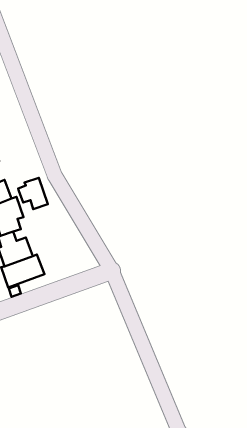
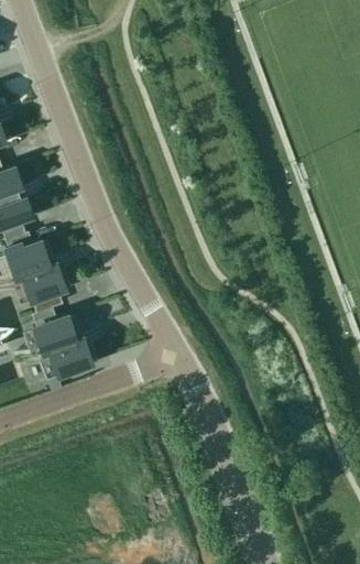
building: [18,178,48,209] -> none

